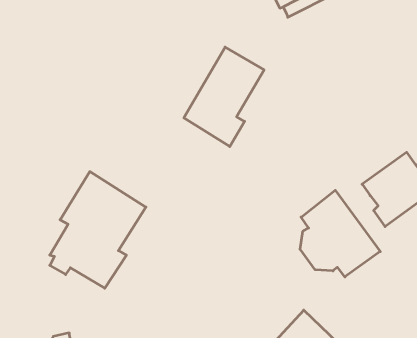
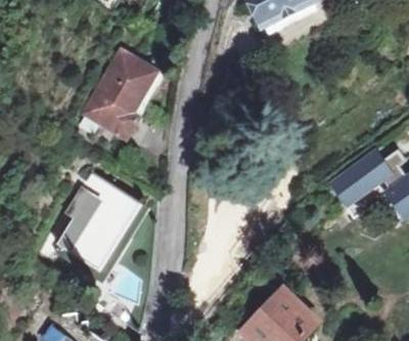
building: [184,47,264,147] -> [84,49,155,138]
building: [300,190,380,277] -> none

